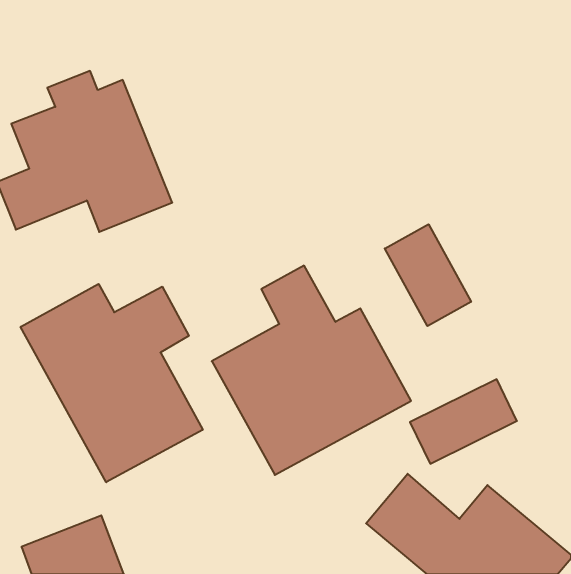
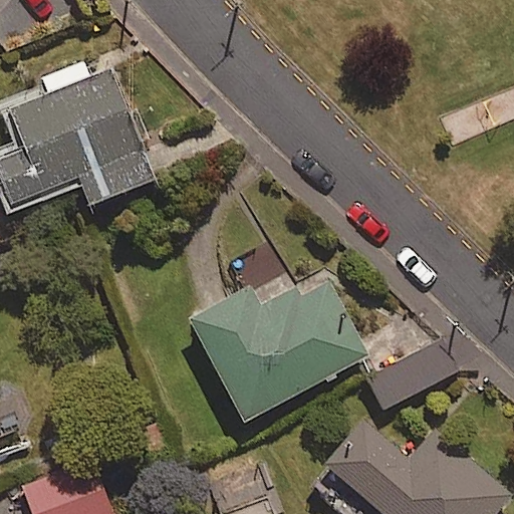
building: [385,224,471,326] -> none
building: [21,284,203,482] -> none

